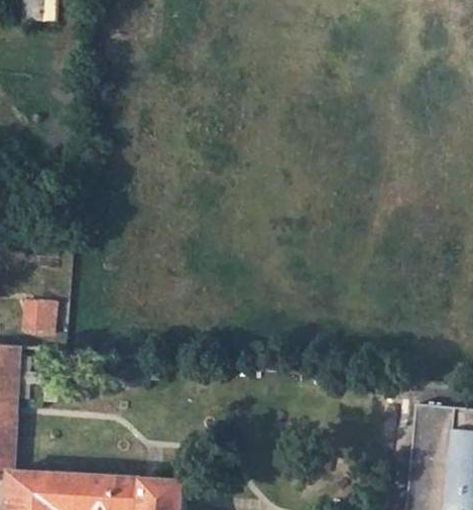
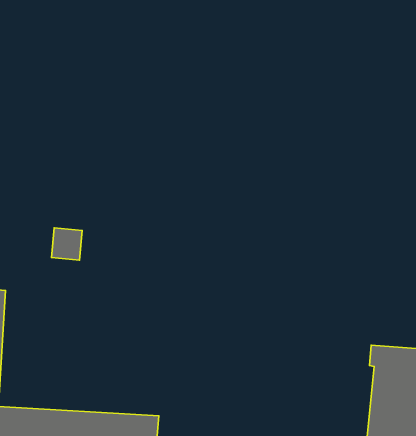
building: [23,299,56,335] -> [51,228,82,260]

